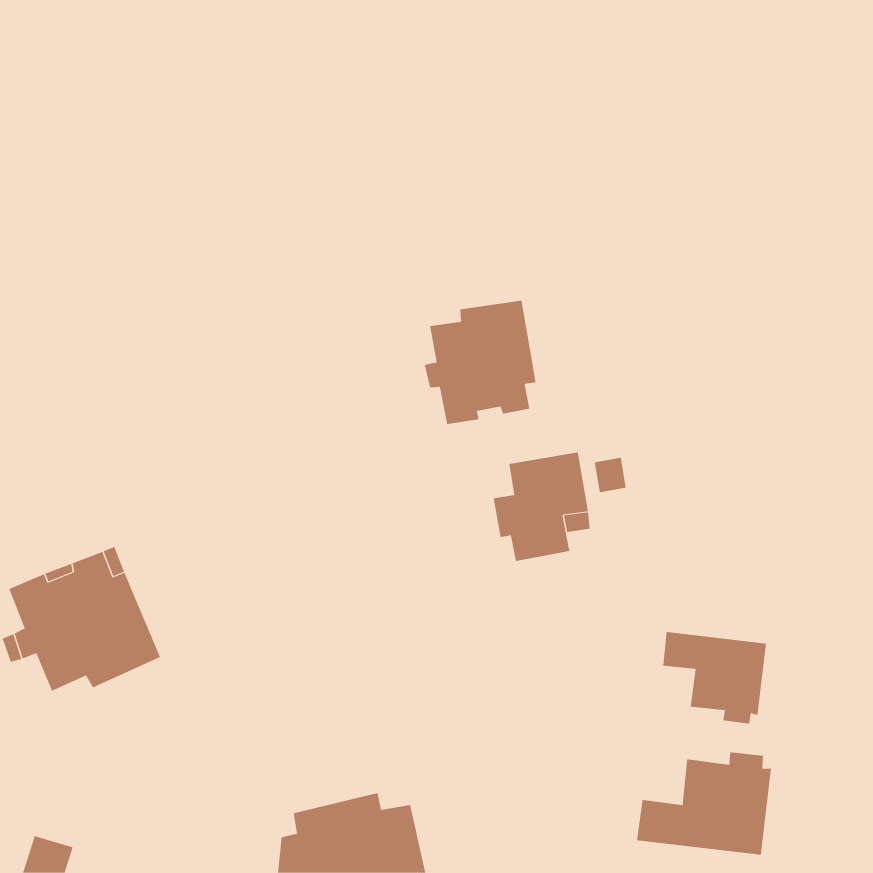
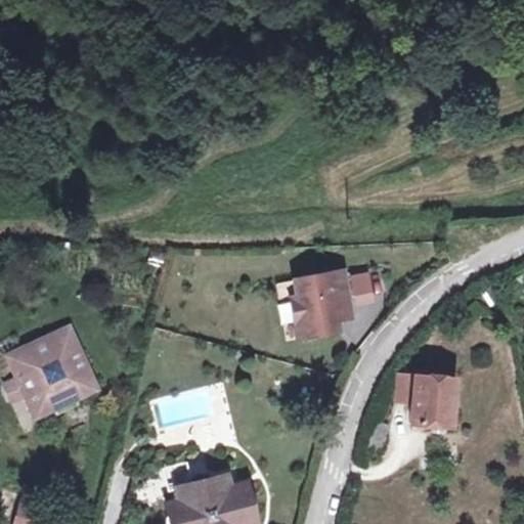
building: [424,300,536,425] -> none
building: [637,751,771,855] -> none

